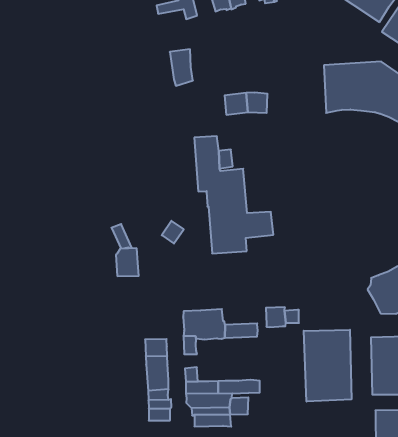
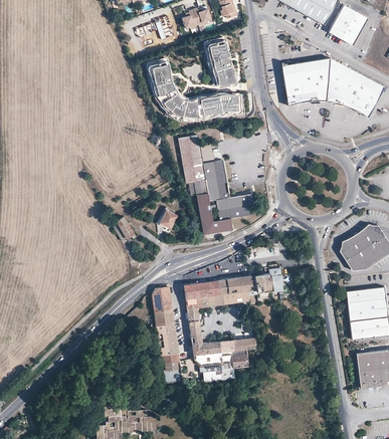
building: none -> [205,40,237,86]
building: none -> [162,92,198,118]
building: [116,248,139,276] -> [152,287,173,312]
building: none -> [217,275,256,293]
building: [304,330,351,402] -> none

